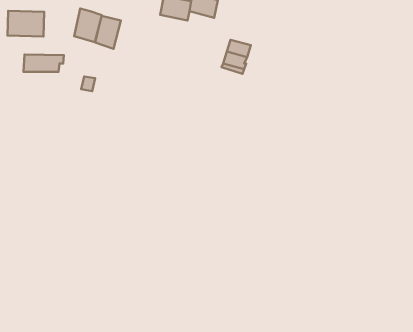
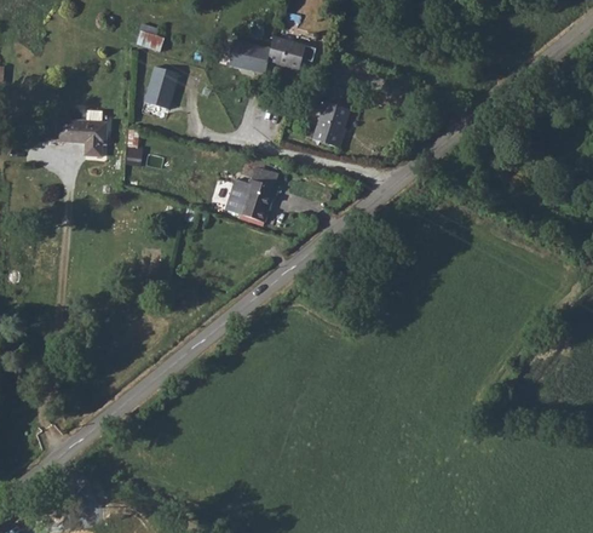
building: [74,8,102,42] -> none
building: [8,11,44,36] -> none
building: none -> [225,176,276,218]

